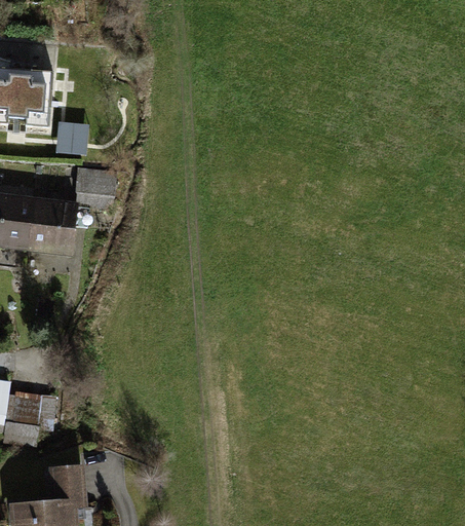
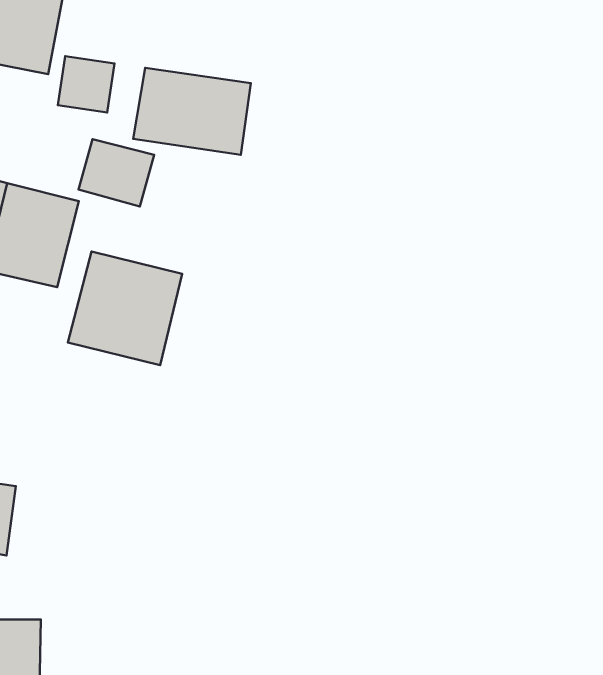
building: none -> [133,68,251,155]
building: none -> [68,252,182,365]

